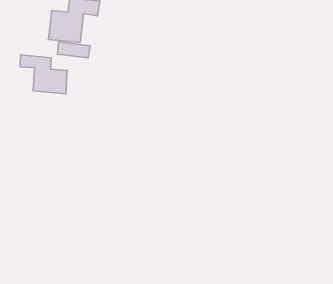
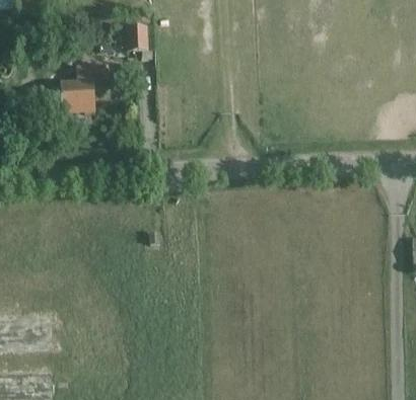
building: [20,55,67,94] -> none

